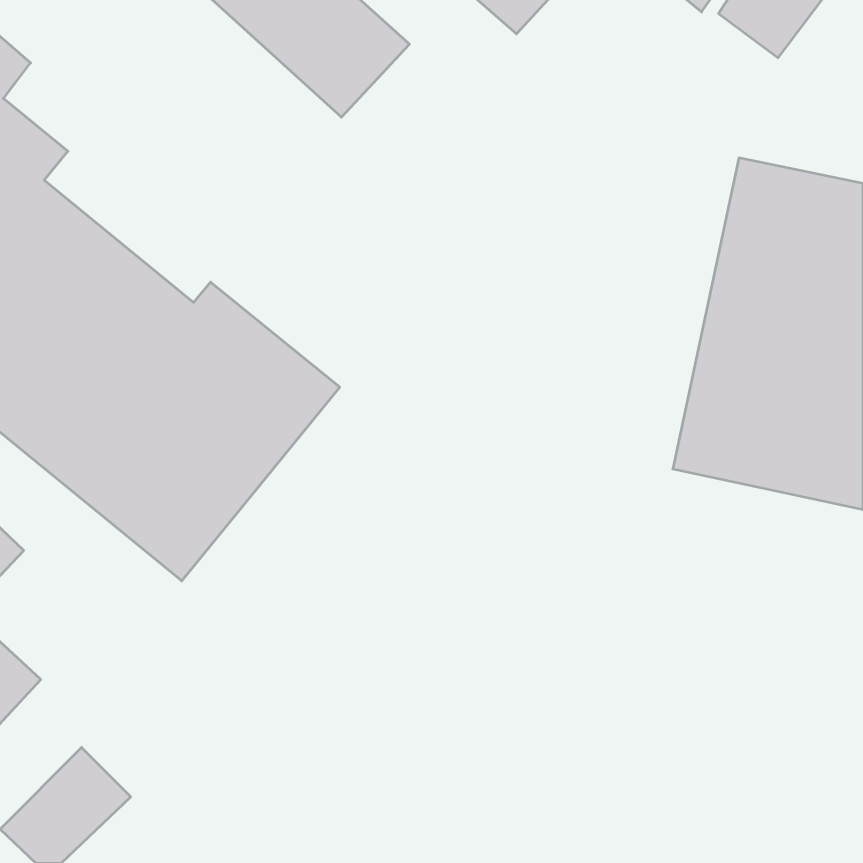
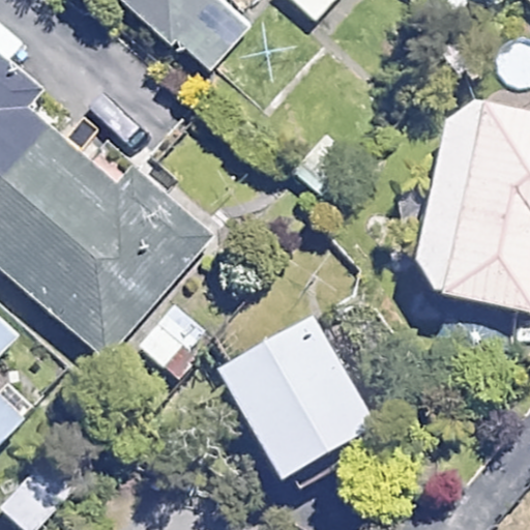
building: none -> [218,315,376,478]

